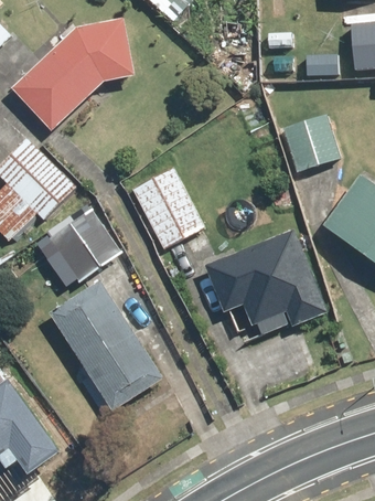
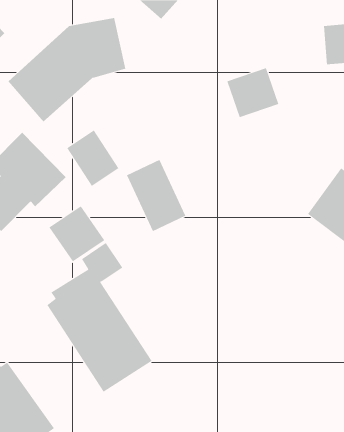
building: [282,116,338,169] -> [227,68,279,118]
building: none -> [66,130,119,187]
building: [206,228,326,339] -> none

